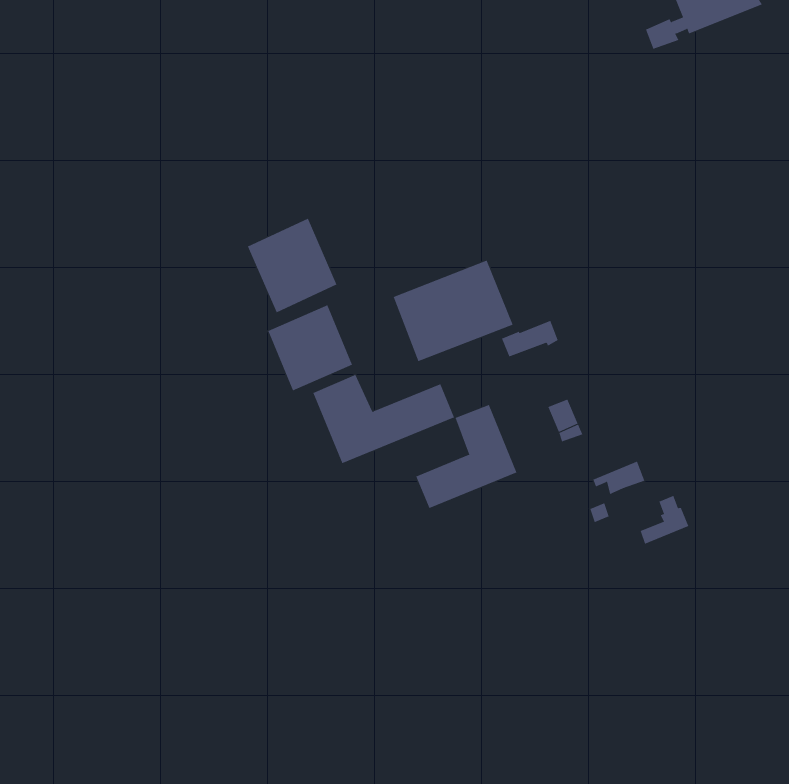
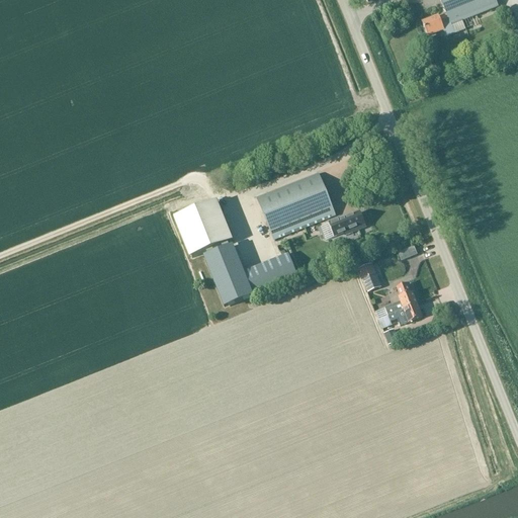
building: [247,218,337,313] -> none
building: [416,404,517,509] -> none
building: [640,495,689,545] -> [384,281,417,314]

